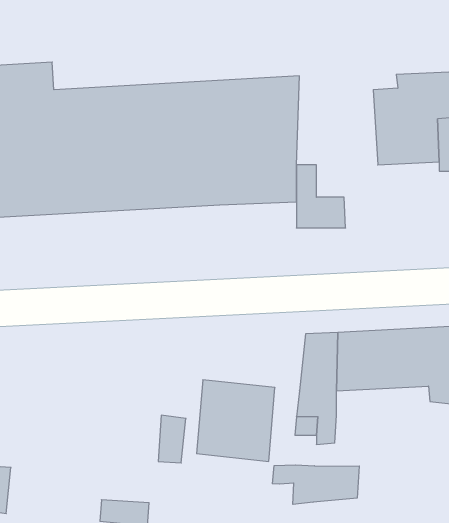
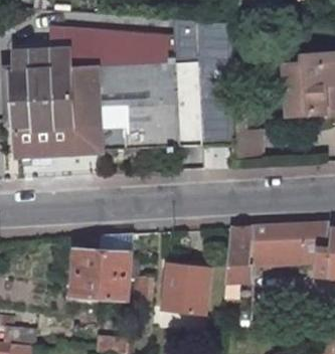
building: none -> [64,22,227,69]
building: none -> [71,235,134,304]
building: [272,465,359,504] -> none

